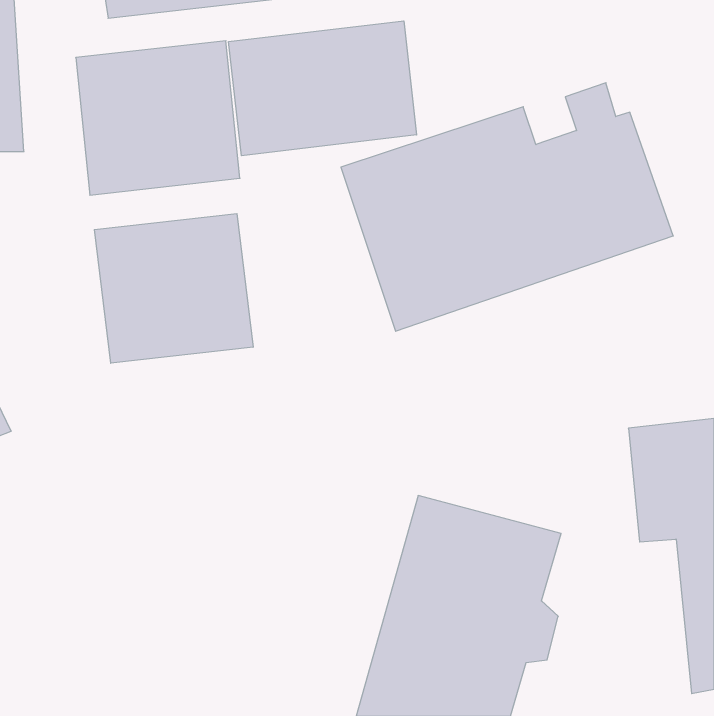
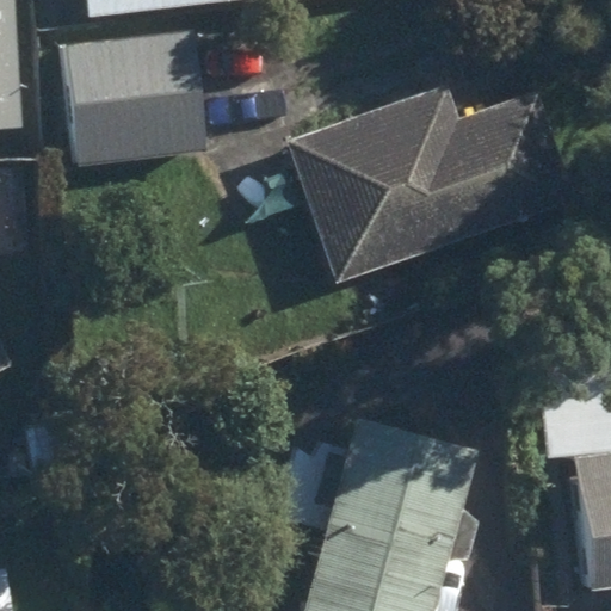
building: [229,21,417,156] -> none
building: [94,214,253,363] -> none

